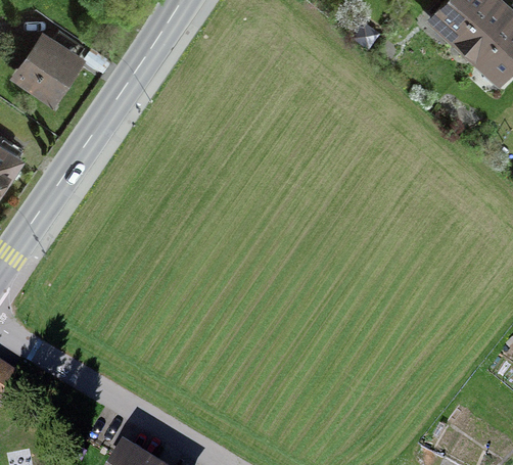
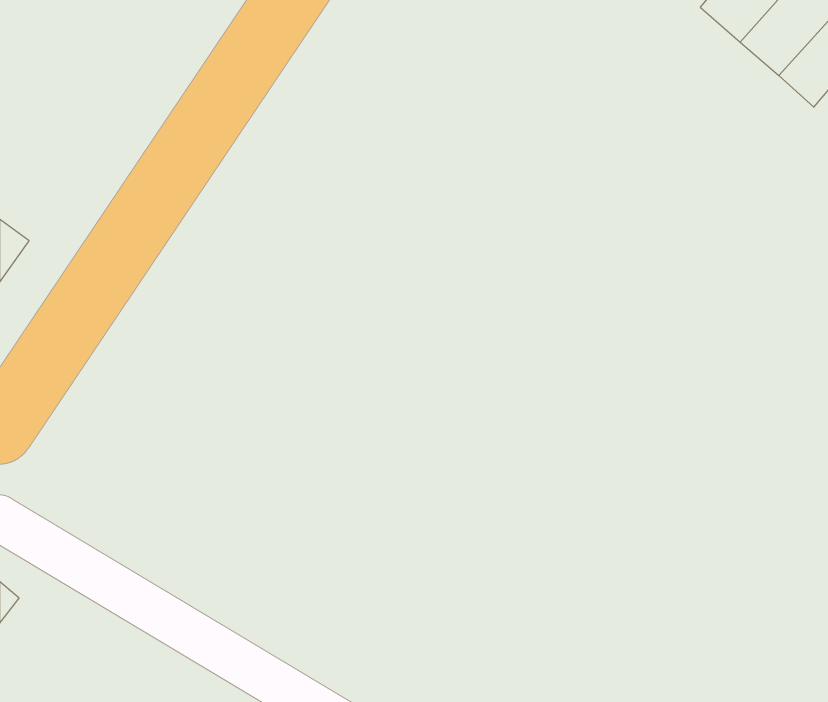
building: [20,43,74,96] -> none

